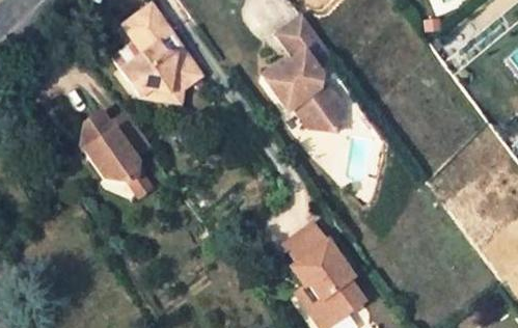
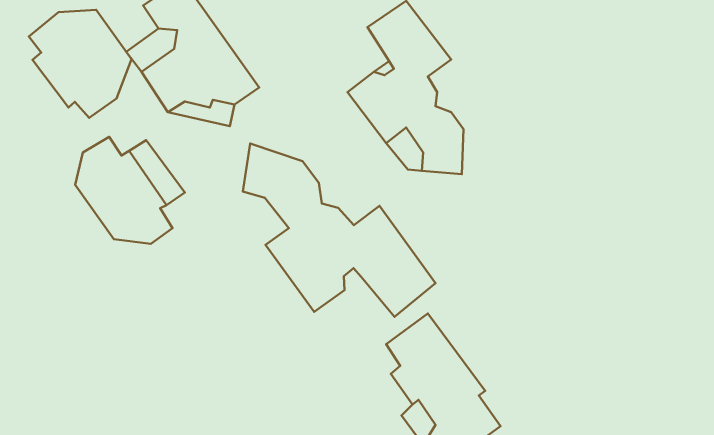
building: none -> [29,10,131,118]
building: none -> [243,143,435,317]

